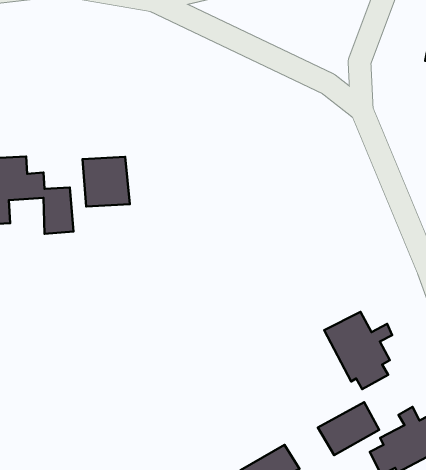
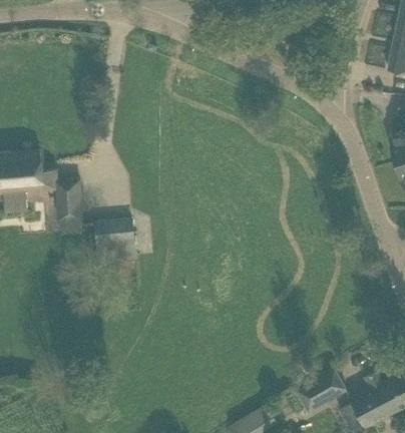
building: [83,157,130,206] -> [95,220,136,263]
building: [324,312,392,389] -> none

